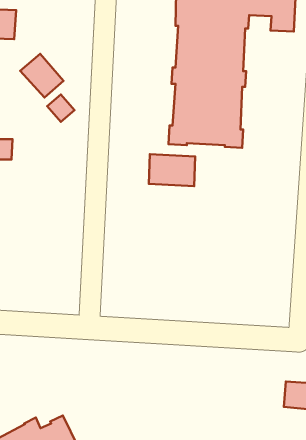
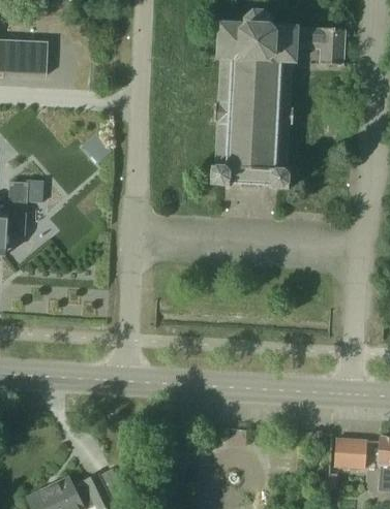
building: [20,54,63,98] -> none
building: [149,154,195,186] -> none

